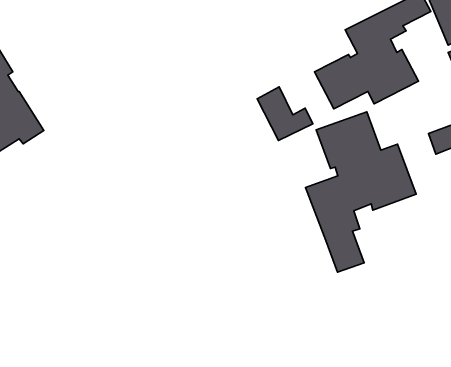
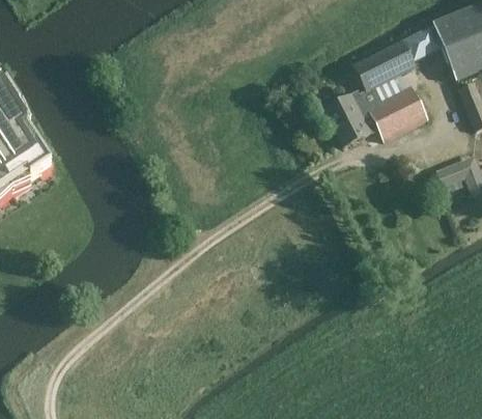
building: [257,87,313,140] -> none
building: [306,112,416,272] -> none

